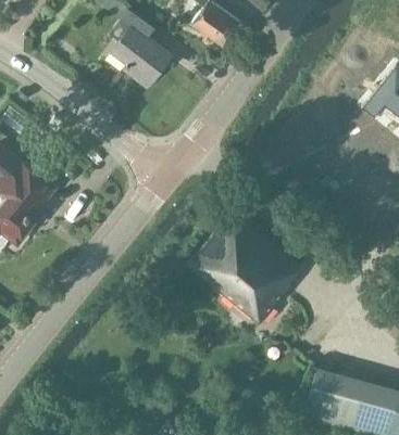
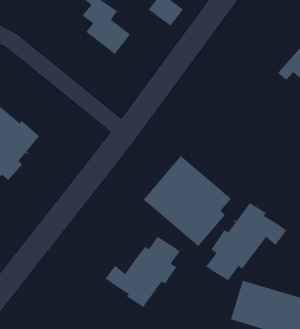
building: none -> [206,202,287,281]
building: none -> [105,236,181,308]

